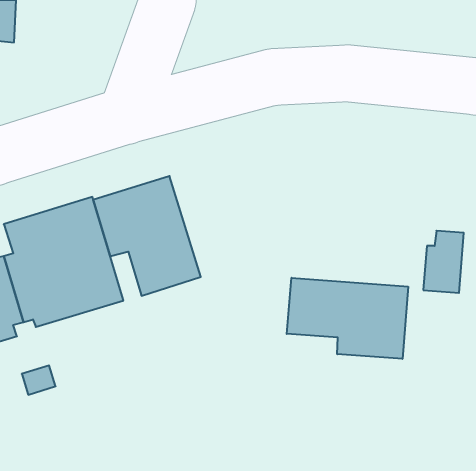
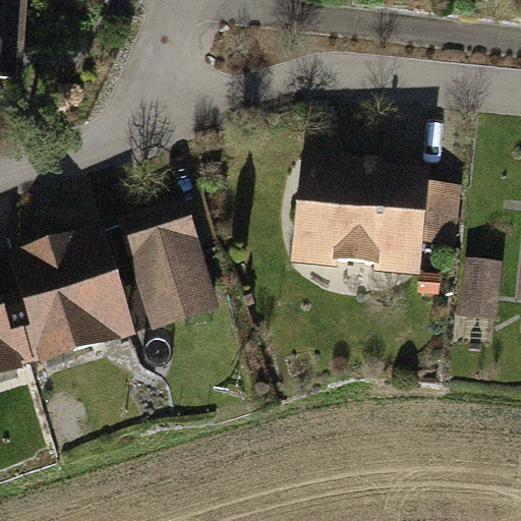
building: none -> [293,155,461,270]
building: [287,278,408,359] -> none

